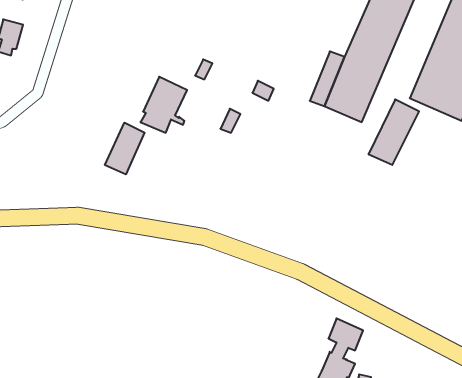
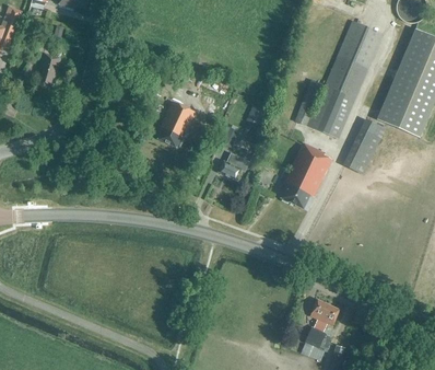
building: [105,123,145,174] -> none
building: none -> [281,142,332,208]
building: none -> [219,152,251,180]

